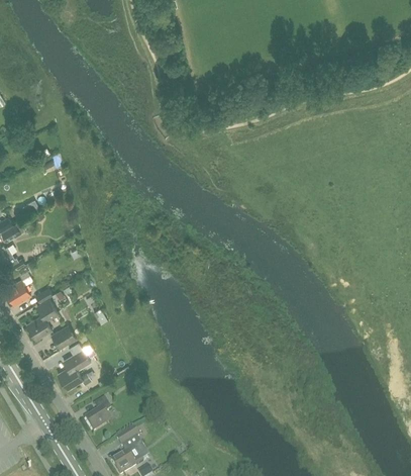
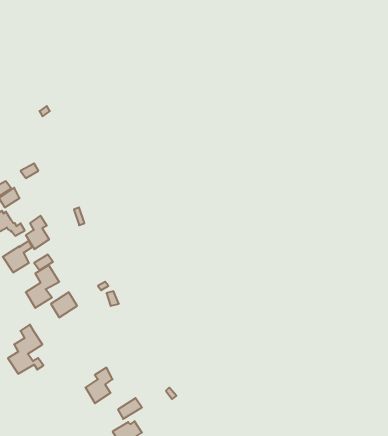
building: none -> [26,216,49,249]
building: [57,342,91,389] -> [8,325,43,374]

